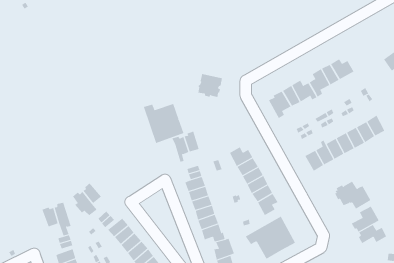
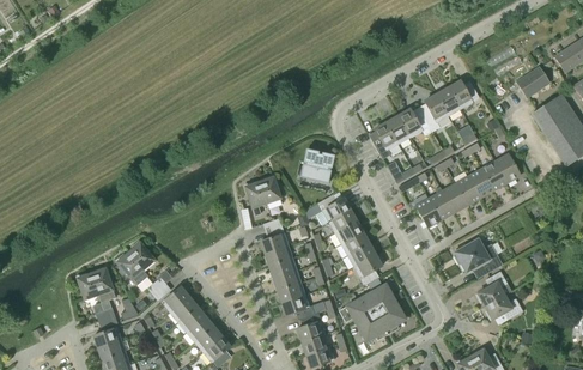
building: [198,73,223,98] -> [300,150,333,181]
building: [143,103,184,144] -> none

